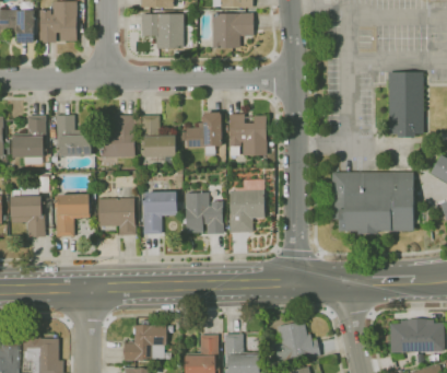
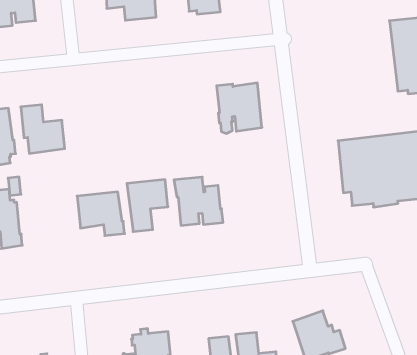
building: [187,112,222,148] -> none
building: [101,115,134,158] -> none
building: [142,115,176,156] -> none
building: [230,182,264,232] -> none
building: [55,195,90,236] -> none

